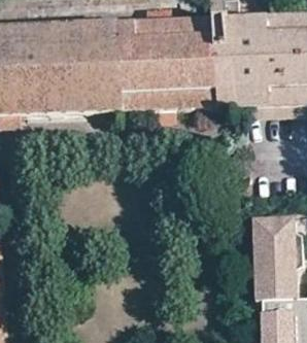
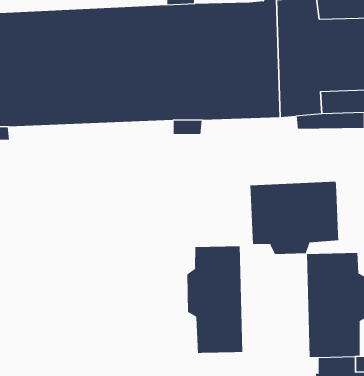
building: none -> [250,181,339,255]
building: none -> [187,245,243,354]

